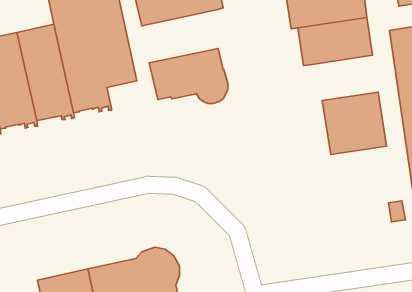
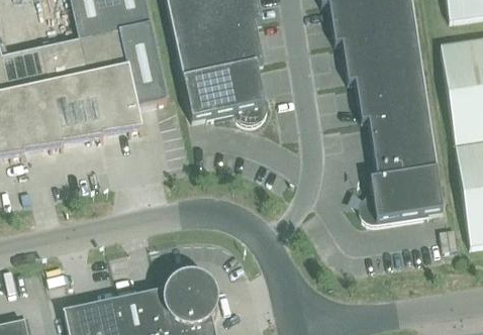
building: none -> [175,21,264,78]
building: none -> [355,70,427,119]
building: none -> [359,166,443,221]

